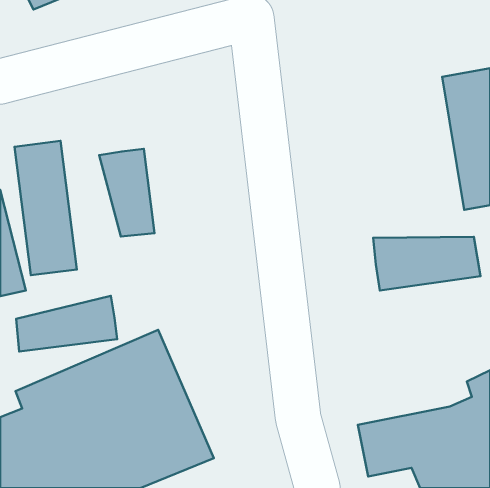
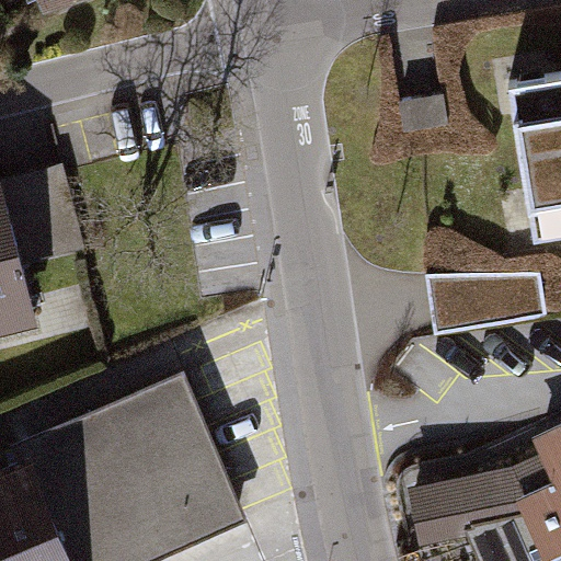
building: [99,149,155,236] -> none
building: [16,296,117,352] -> none

